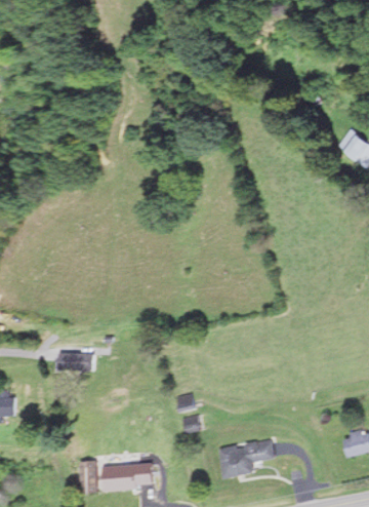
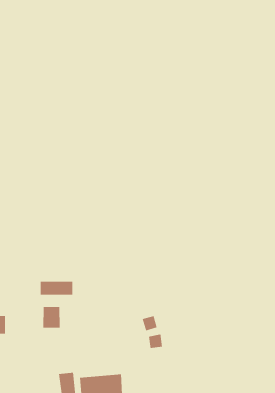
building: none -> [43,306,60,328]
building: [217,439,272,478] -> none

